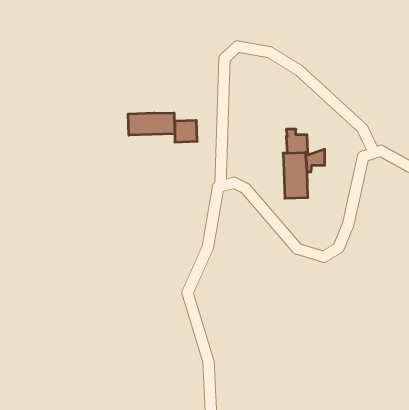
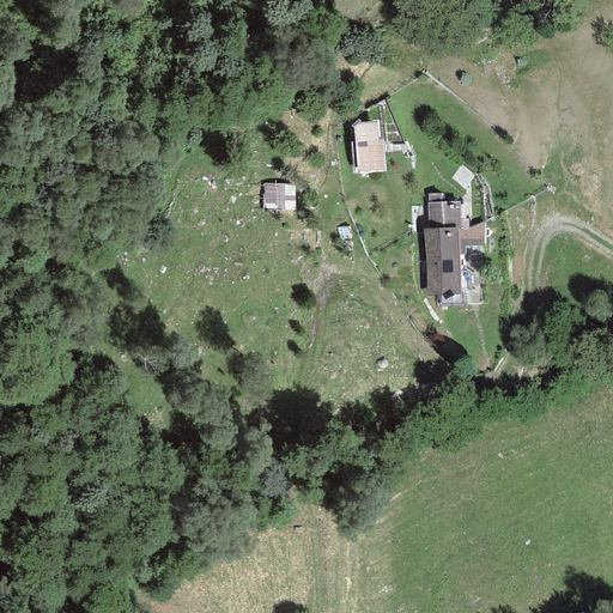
building: none -> [354,121,386,172]
building: [128,113,175,135] -> none

